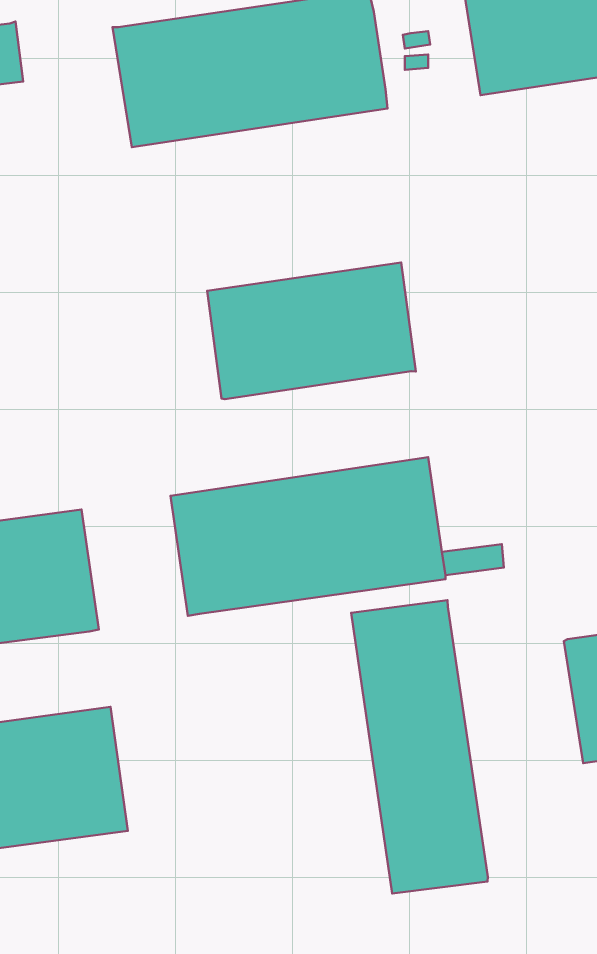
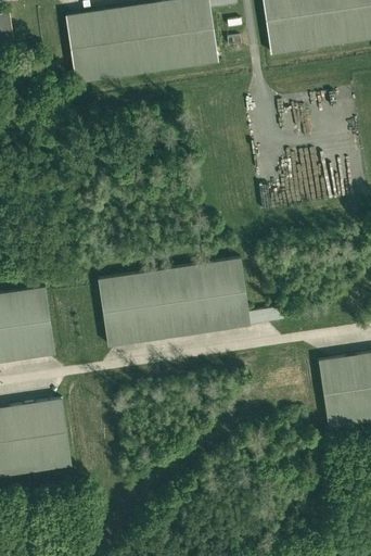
building: [207,262,416,399] -> none
building: [351,600,488,893] -> none

